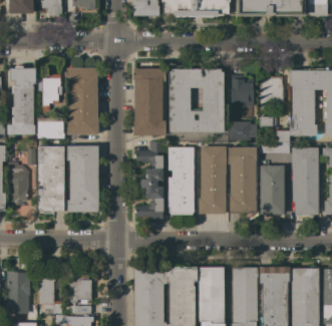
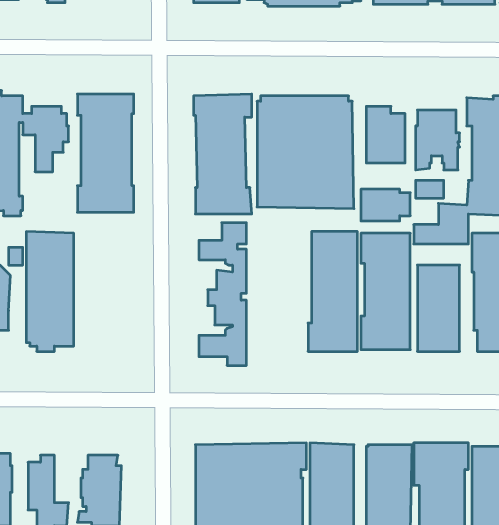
building: [38,117,65,138] -> none
building: [67,145,99,212] -> none
building: [169,146,195,214] -> none

